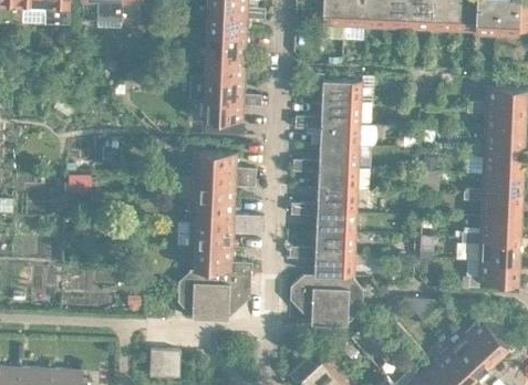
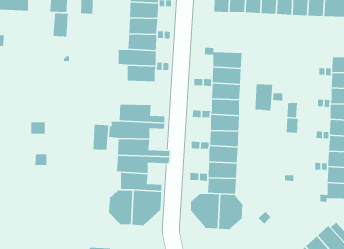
building: none -> [53,12,68,37]
building: none -> [255,83,273,111]
building: none -> [93,124,109,150]

